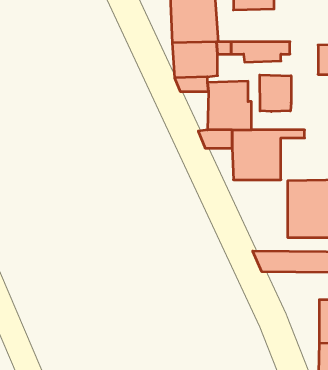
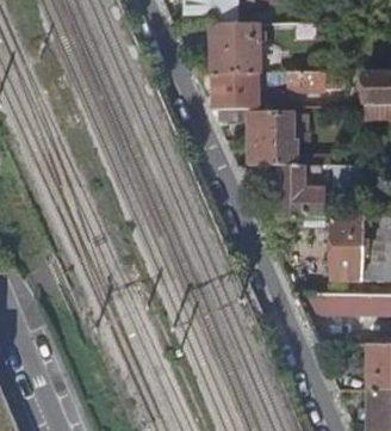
building: [260,75,291,112] -> none

